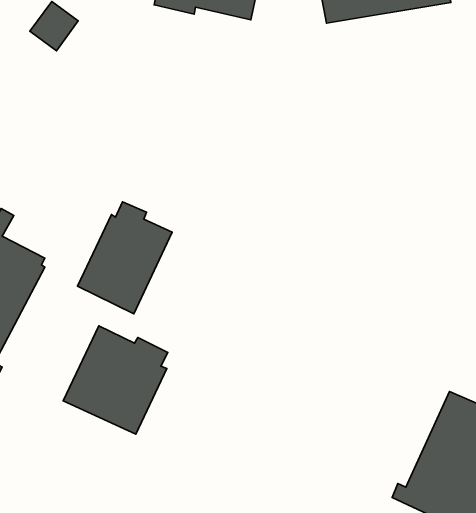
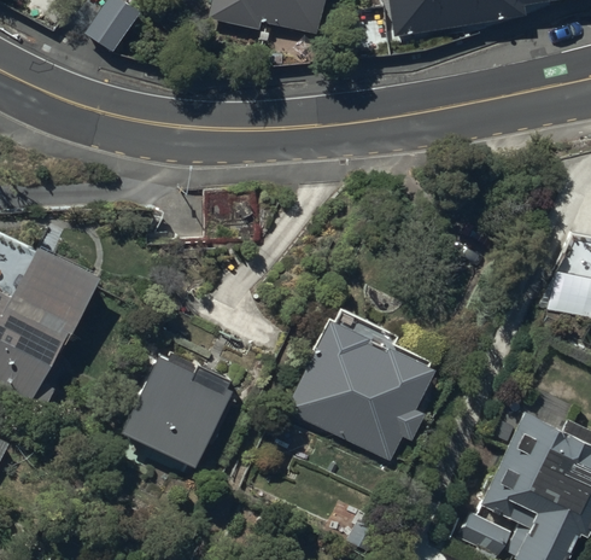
building: [78,202,172,314] -> none
building: none -> [286,311,433,461]

